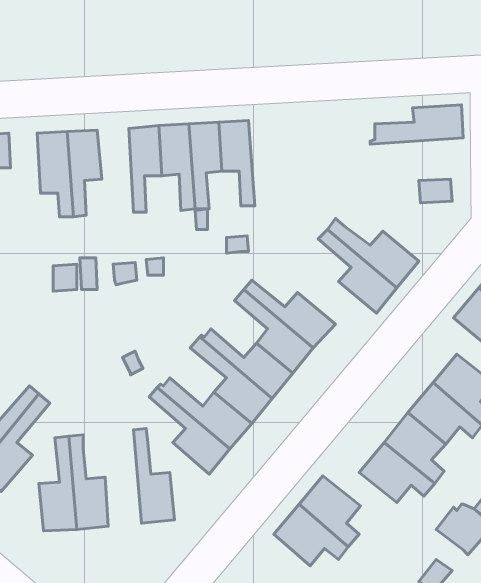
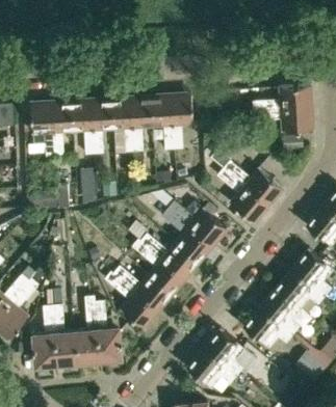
building: none -> [171,96,193,153]
building: none -> [71,102,95,158]
building: none -> [251,108,314,132]
building: none -> [76,295,100,363]

